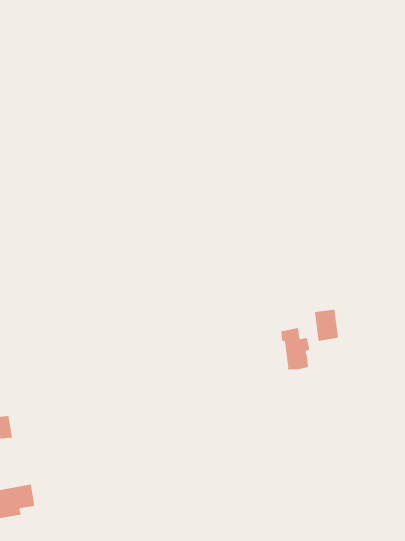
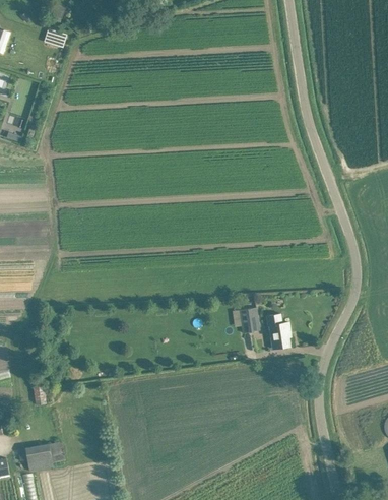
building: [314,309,339,341] -> [240,307,260,333]

